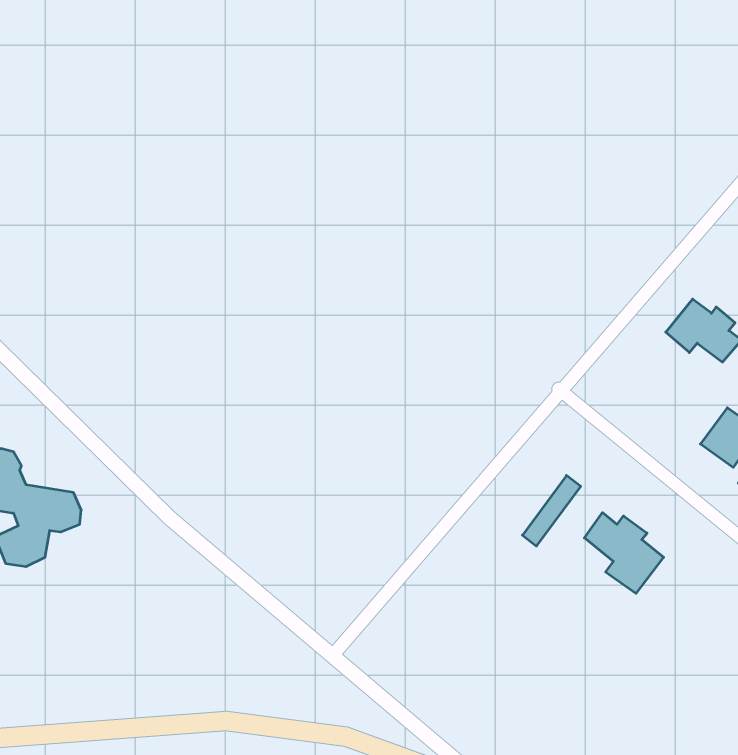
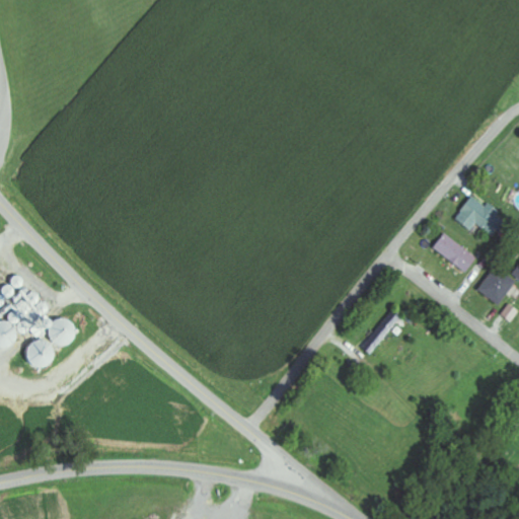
building: none -> [432,233,477,272]
building: [584,513,664,593] -> none

